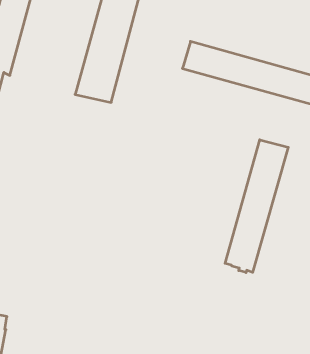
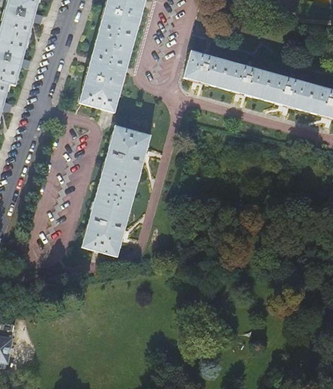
building: none -> [83,125,152,256]
building: [225,140,288,273] -> none

